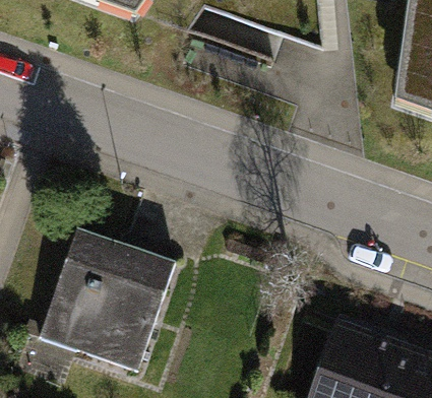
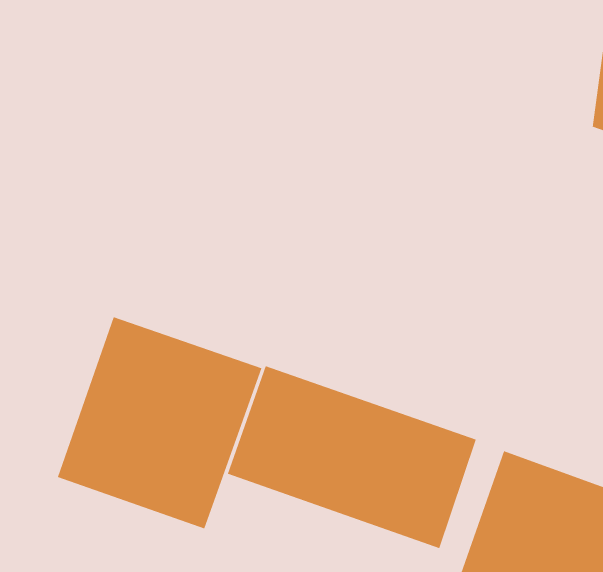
building: none -> [227,365,477,549]

